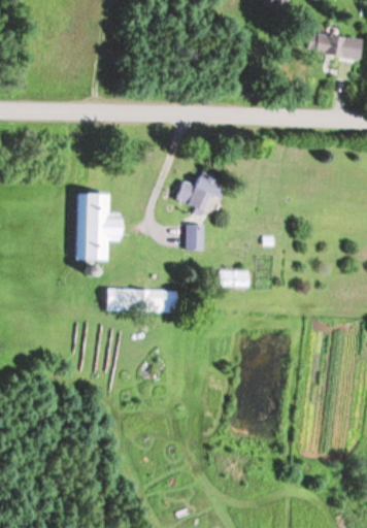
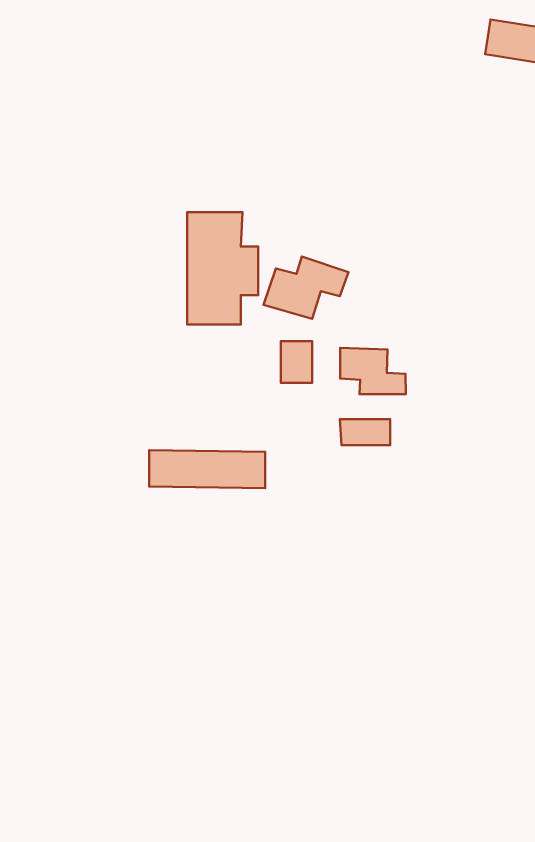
building: [77,192,120,259] -> [187,212,258,324]
building: none -> [340,348,406,394]

